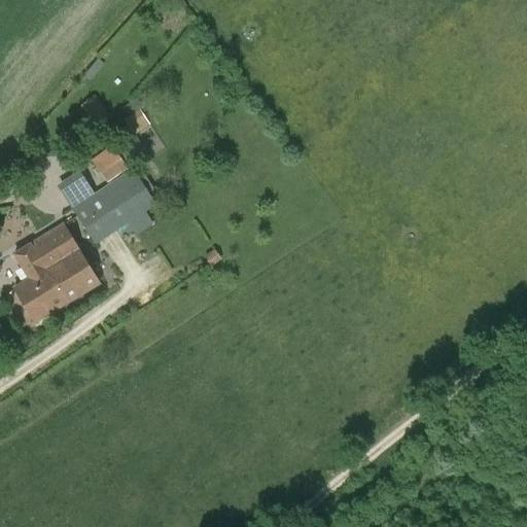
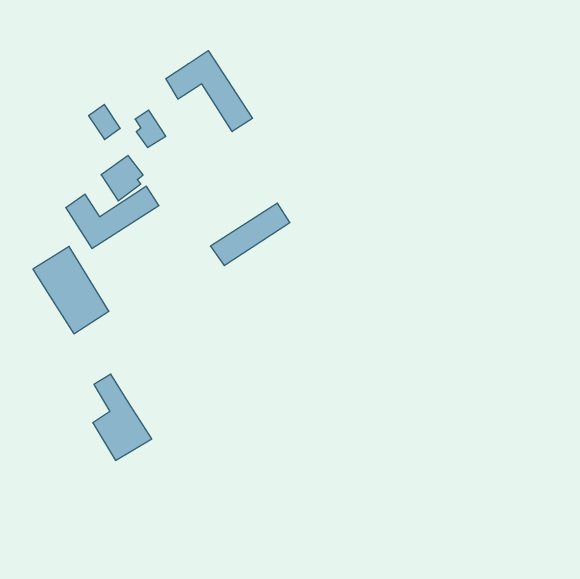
building: none -> [166,51,252,132]
building: [83,186,155,243] -> [210,203,290,266]
building: [13,244,67,322] -> [93,374,152,460]

